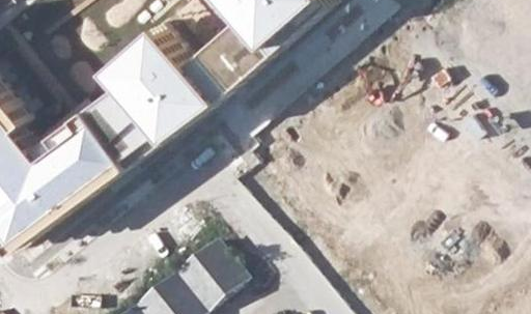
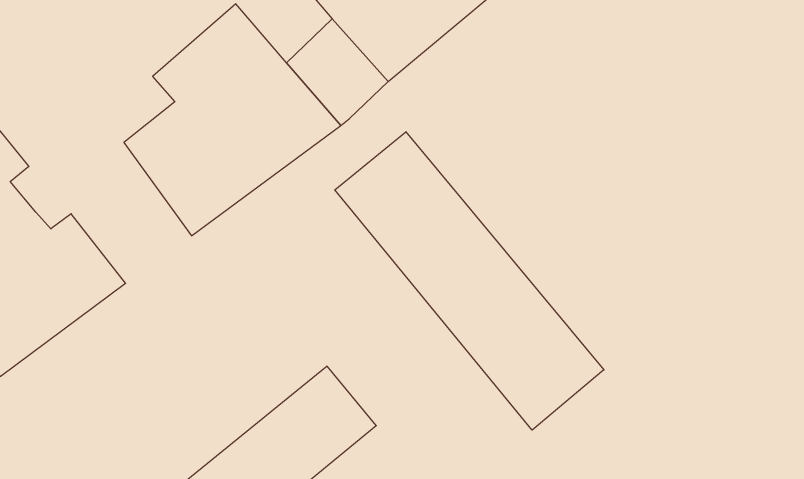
building: none -> [335,132,604,430]
building: [36,105,132,191] -> none

